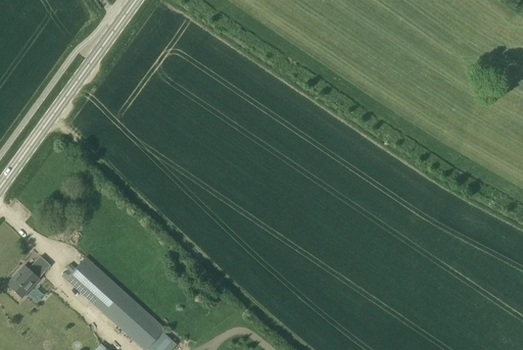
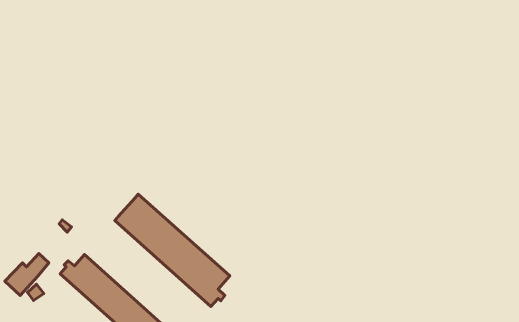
building: none -> [115,194,230,307]

